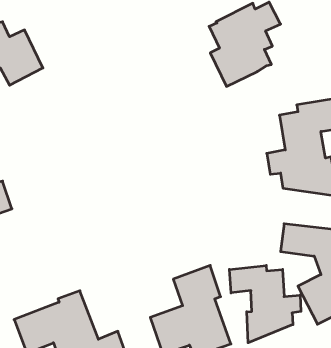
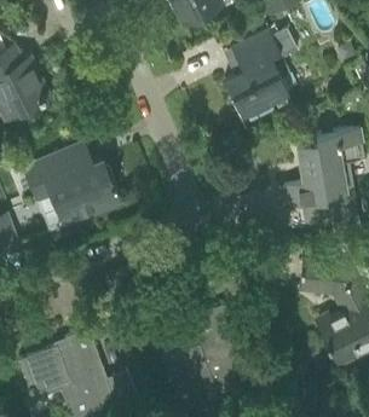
building: none -> [25,144,119,224]
building: [229,265,301,343] -> none

